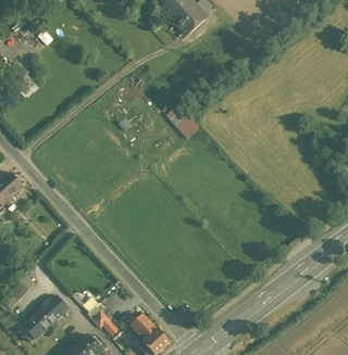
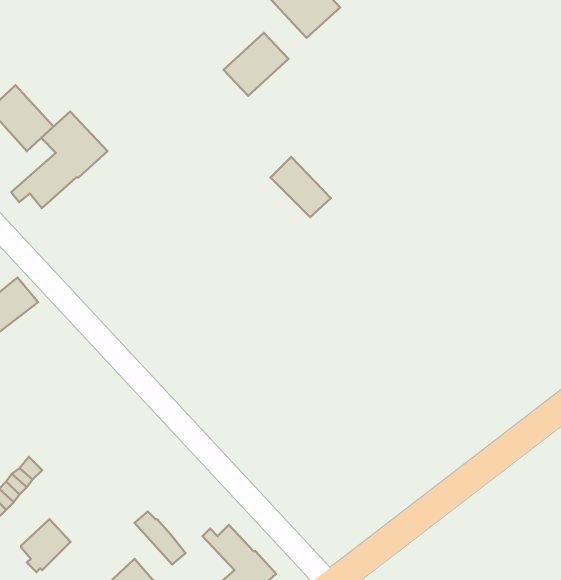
building: none -> [223,33,289,96]
building: none -> [11,111,108,208]
building: [38,294,67,324] -> none

